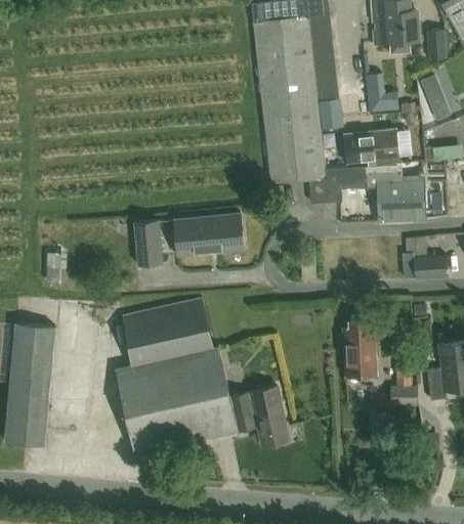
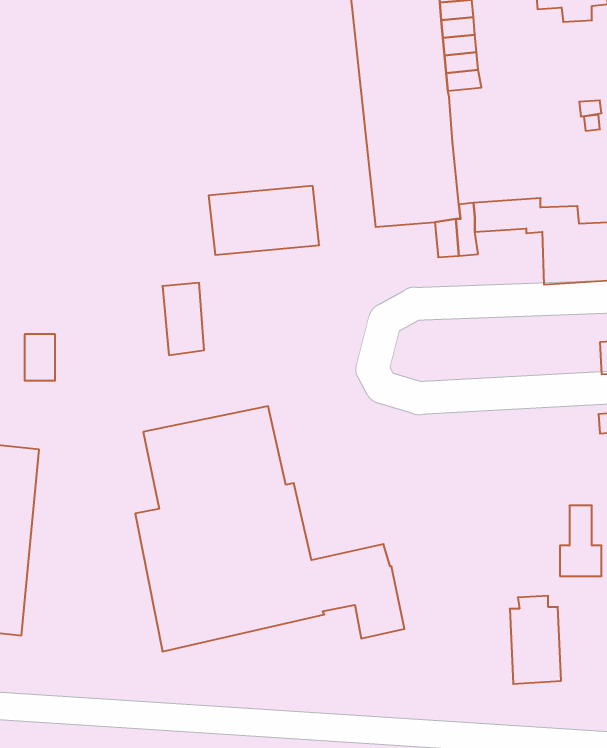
building: [365,74,386,114] -> none
building: [319,98,342,129] -> none
building: [343,129,400,165] -> none
building: [174,212,245,256] -> [209,186,319,255]
building: [344,319,377,376] -> [510,596,561,684]

